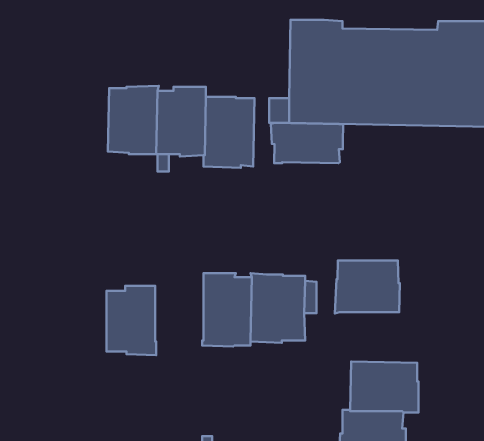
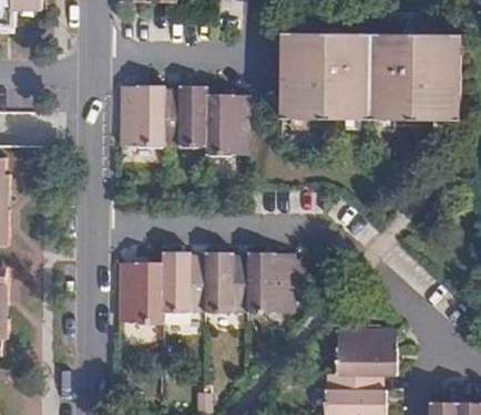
building: [271,123,343,163] -> none
building: [335,261,400,313] -> none
building: none -> [160,251,203,314]

